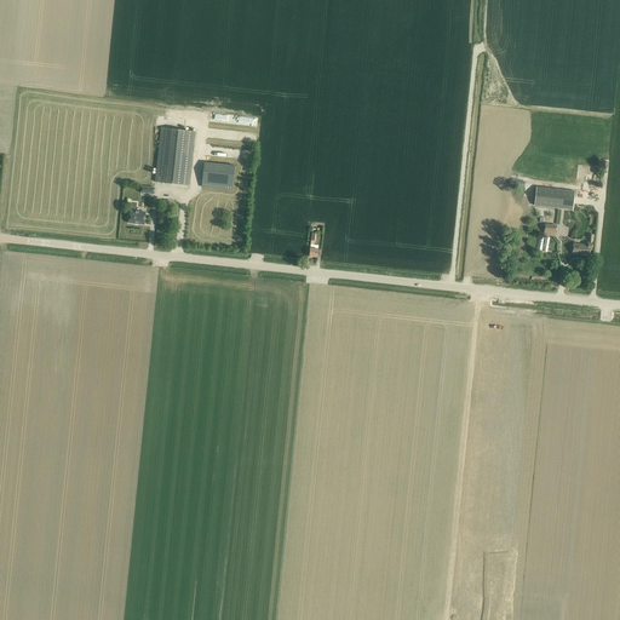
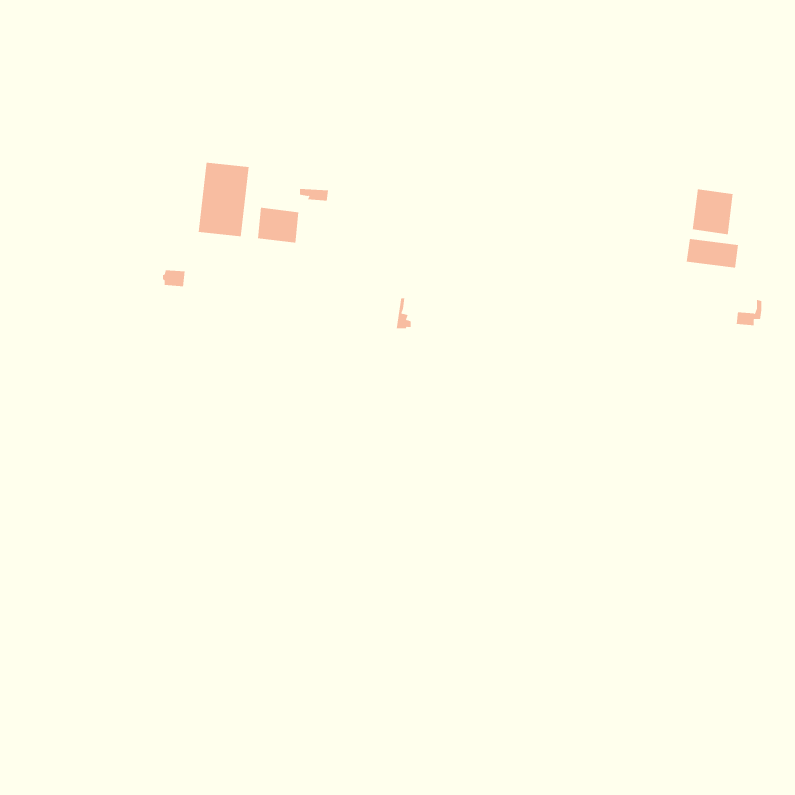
building: none -> [692,188,733,235]

